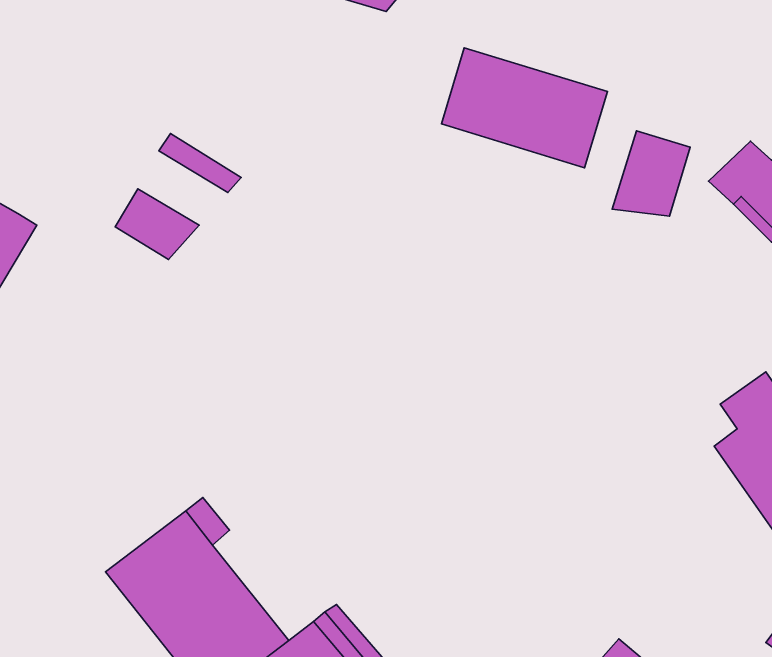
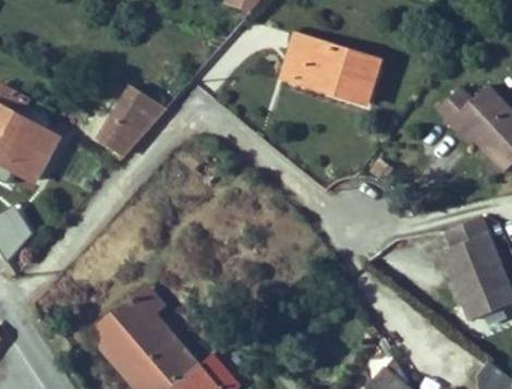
building: [612,131,690,216] -> none
building: none -> [109,93,160,135]

